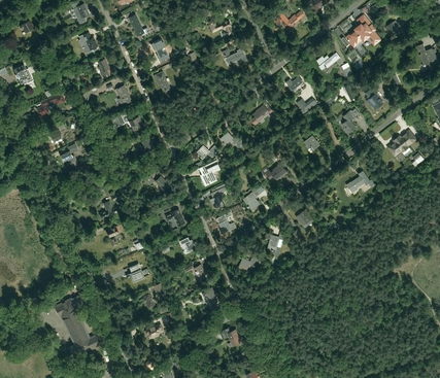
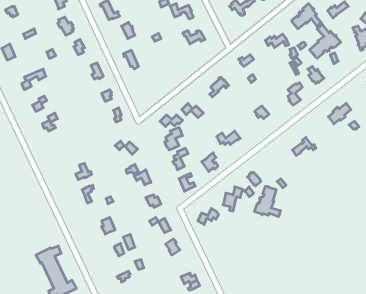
building: none -> [310,24,341,58]
building: none -> [255,186,280,217]

